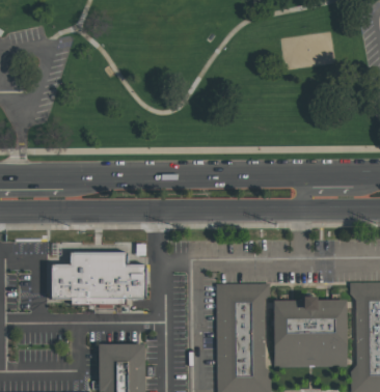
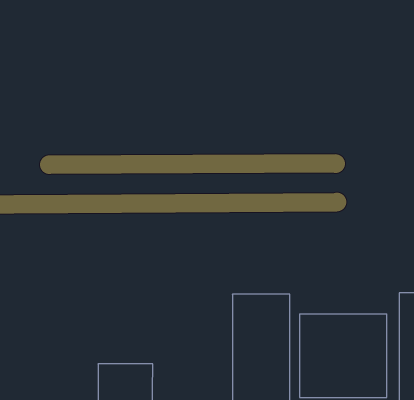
building: [51,250,145,298] -> none

